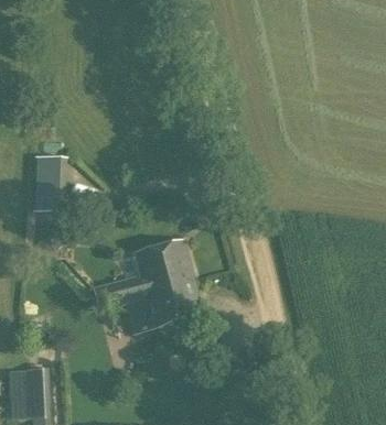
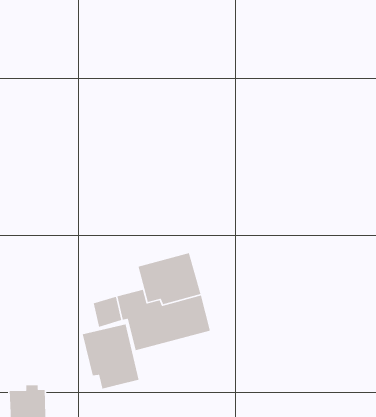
building: [33,157,65,211] -> none
building: none -> [82,324,140,390]

